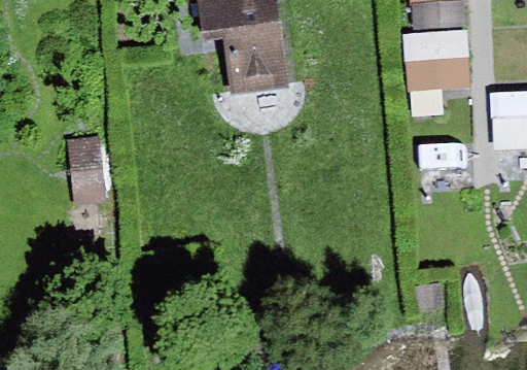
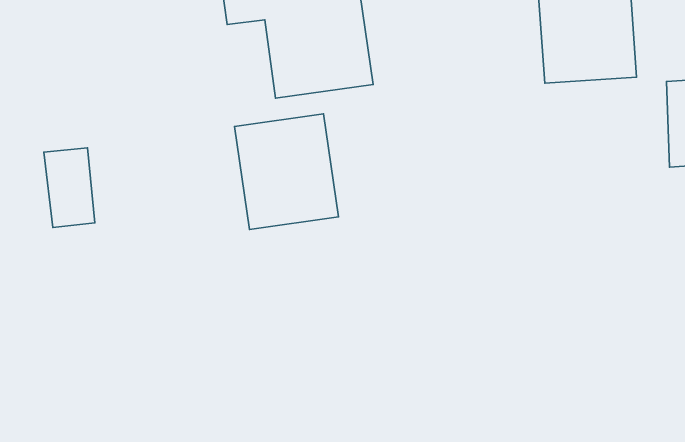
building: none -> [235,114,338,229]

